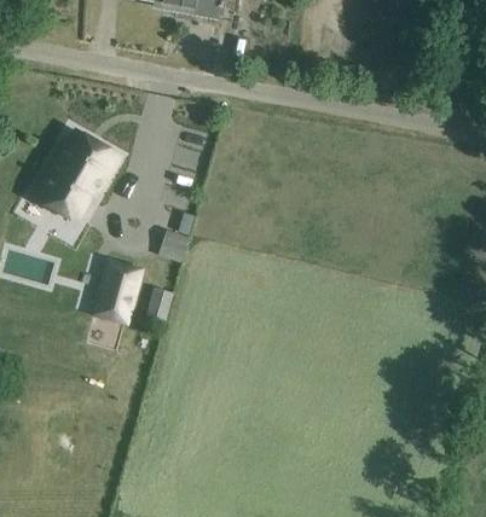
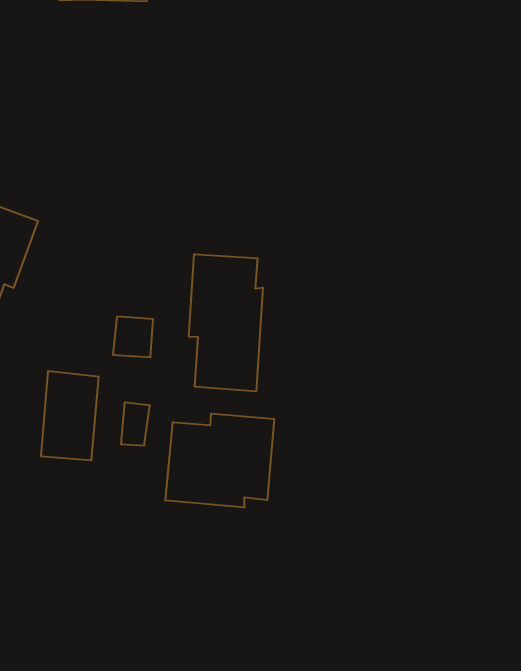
building: none -> [189,254,263,391]
building: none -> [165,414,274,508]

